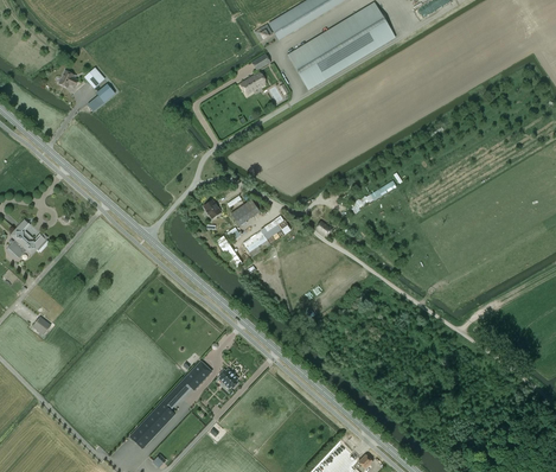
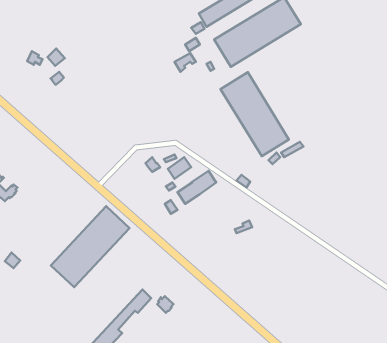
building: none -> [221,72,289,156]
building: none -> [51,206,130,287]

